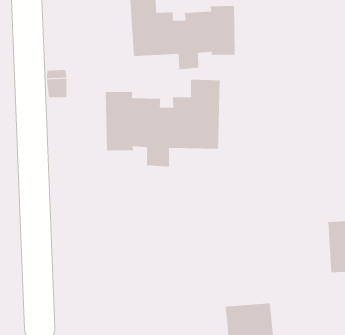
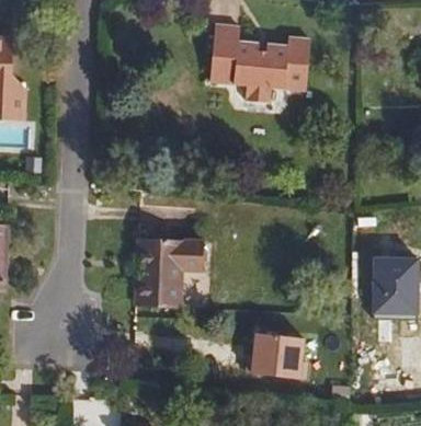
building: [105,79,220,168] -> none
building: none -> [134,238,205,311]

